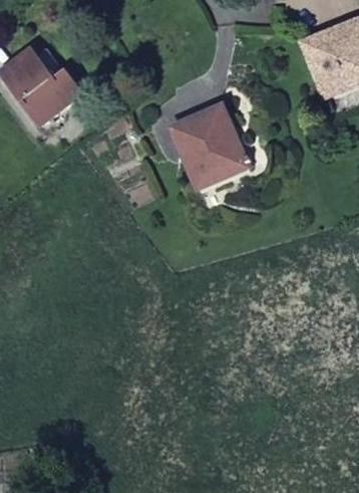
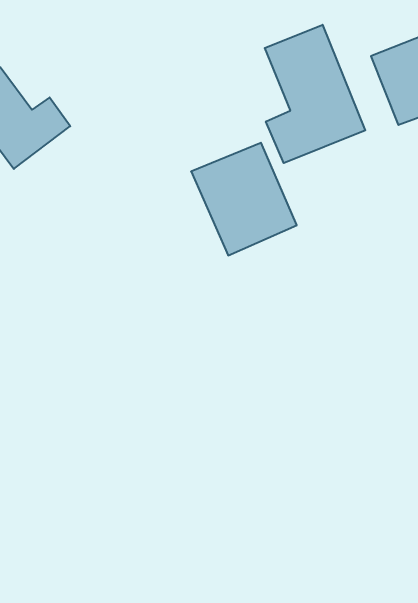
building: none -> [265,25,365,163]

